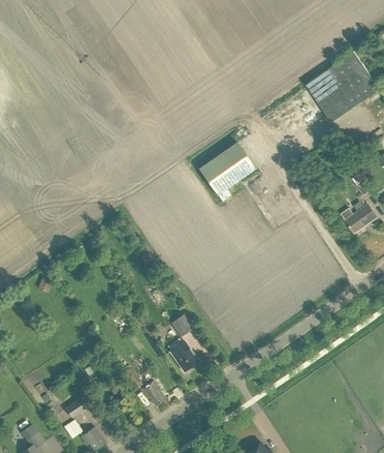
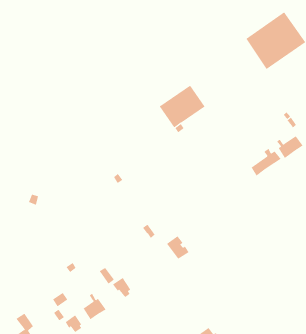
building: none -> [251,148,282,176]
building: [169,341,198,371] -> [166,235,189,259]
building: none -> [83,293,106,320]

